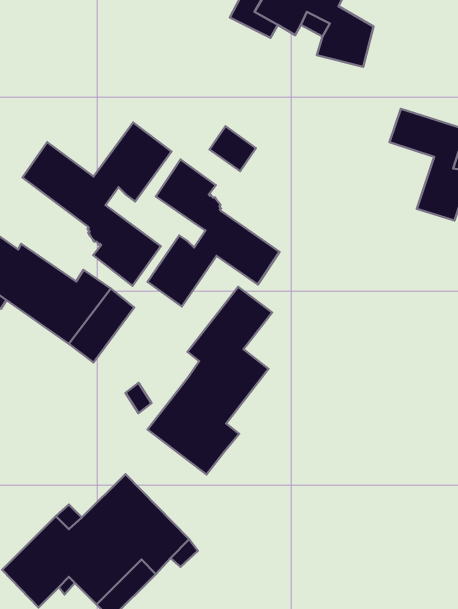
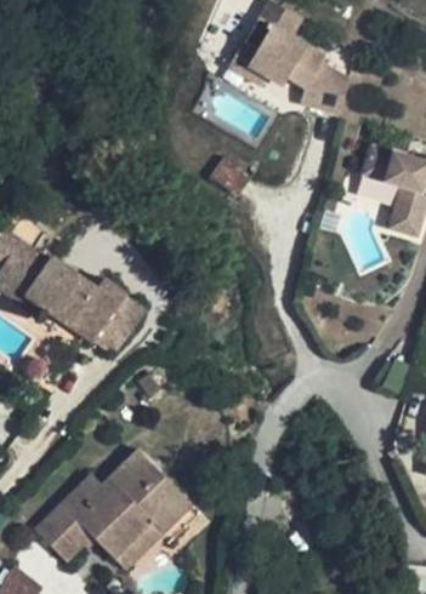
building: [22,122,171,286] -> none
building: [148,159,280,306] -> none
building: [147,287,272,475] -> none

